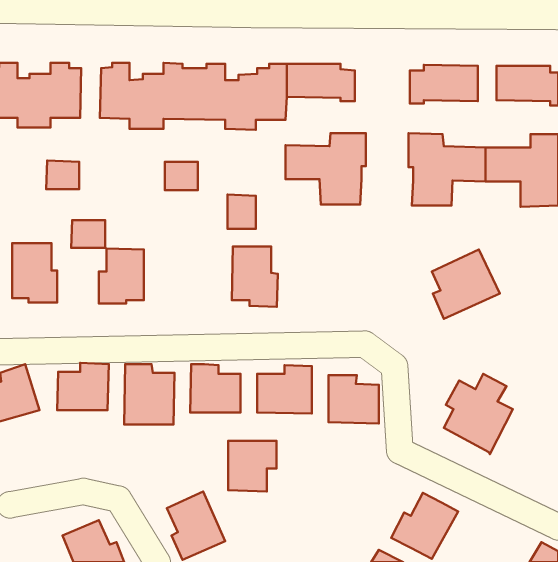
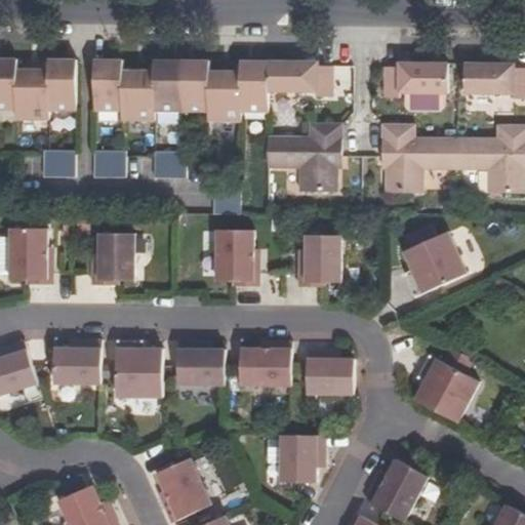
building: [71,220,105,248] -> [92,151,124,176]
building: none -> [298,234,341,284]
building: [228,441,277,491] -> [280,435,325,482]

